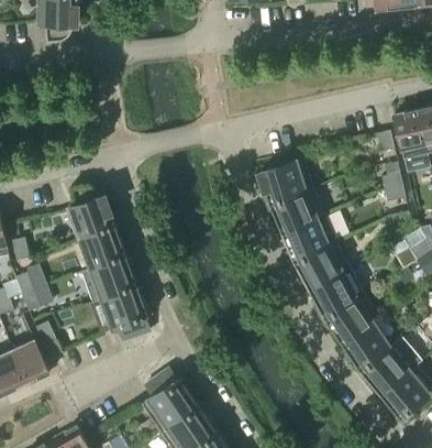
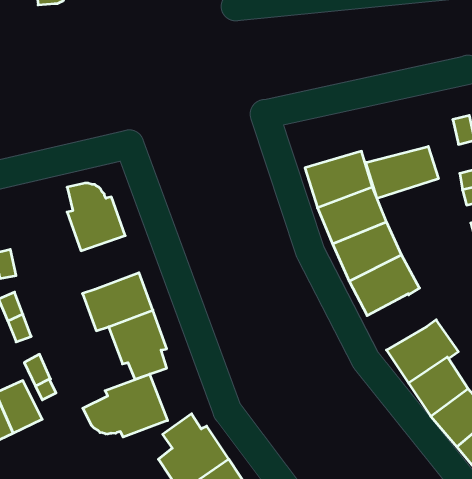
building: none -> [366,146,438,199]
building: [81,226,128,269] -> none
building: [309,272,356,317] -> none
building: none -> [83,374,168,437]

